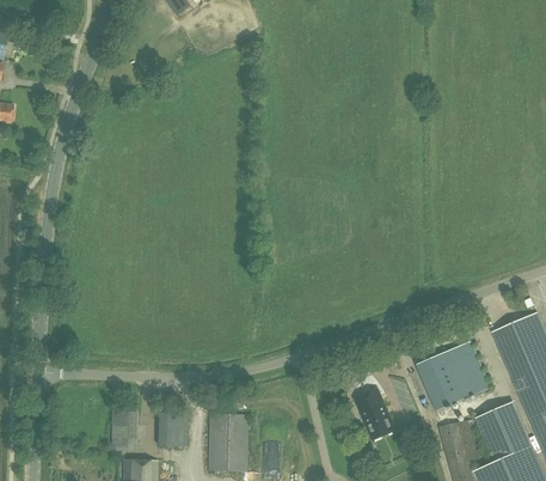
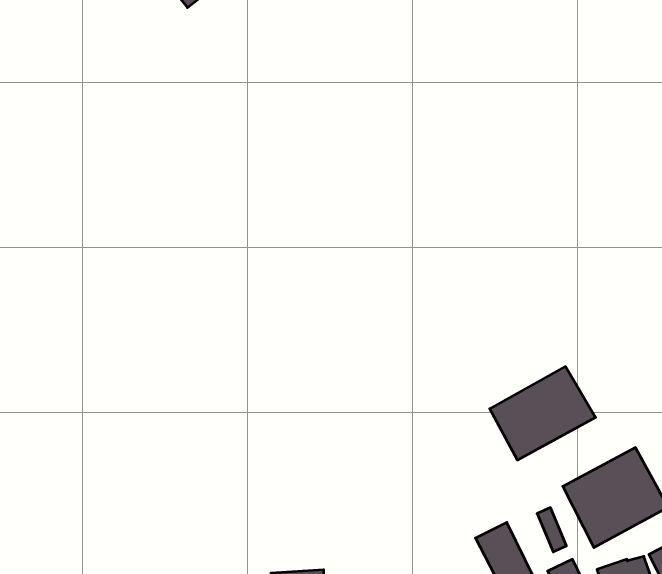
building: none -> [490,367,596,460]

